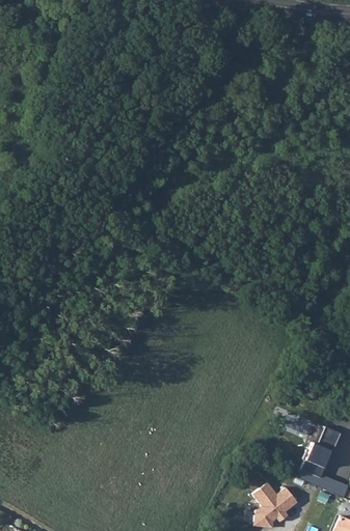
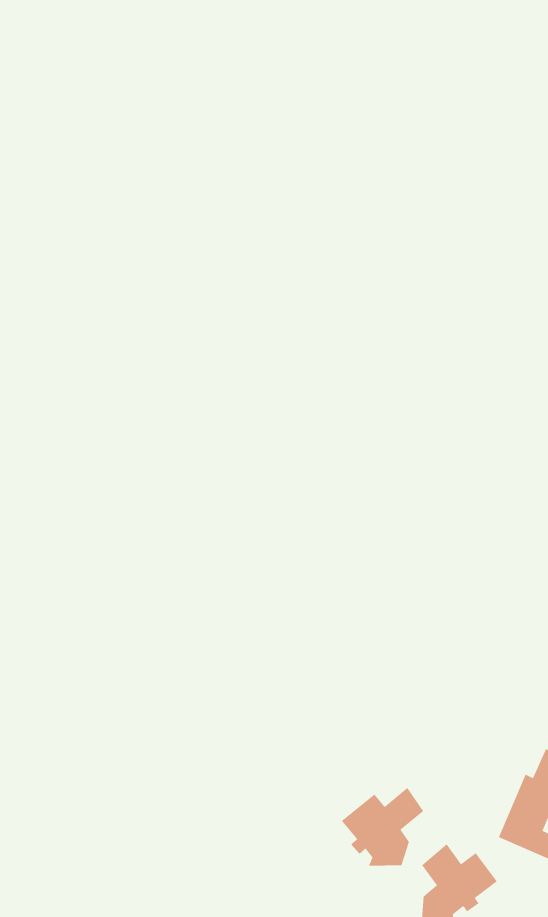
building: none -> [341,787,424,867]

